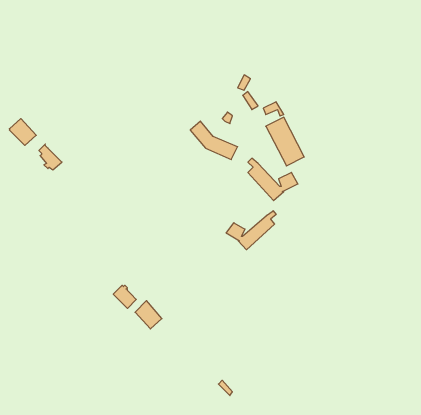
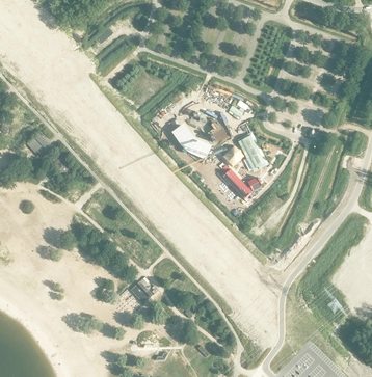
building: [226,211,276,250] -> none

